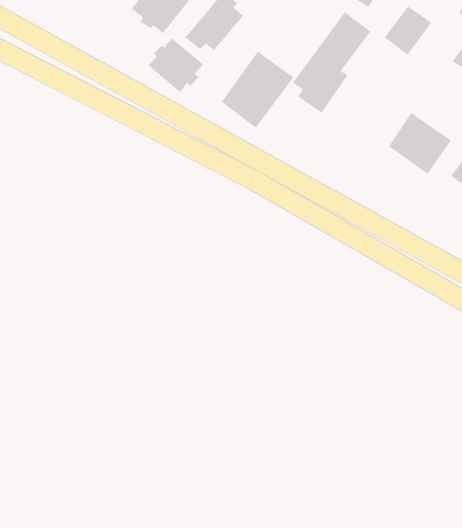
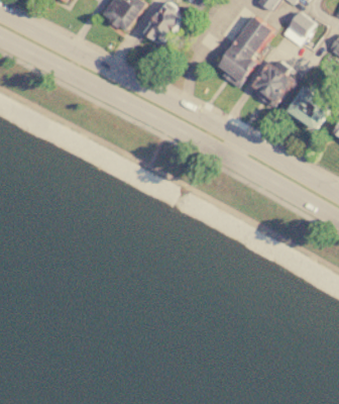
building: [148,37,204,93] -> none
building: [221,51,294,129] -> [245,55,298,110]

